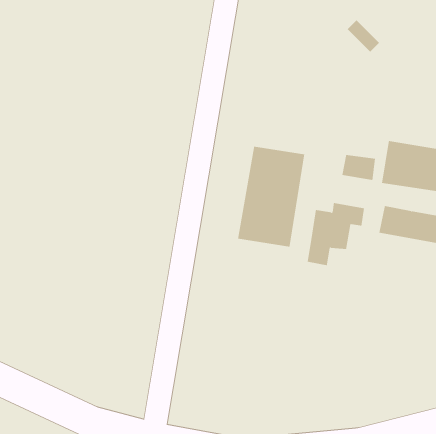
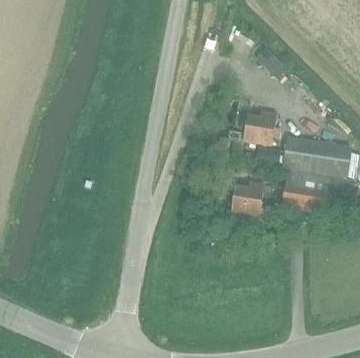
building: none -> [244,111,276,145]
building: [237,146,305,248] -> none

